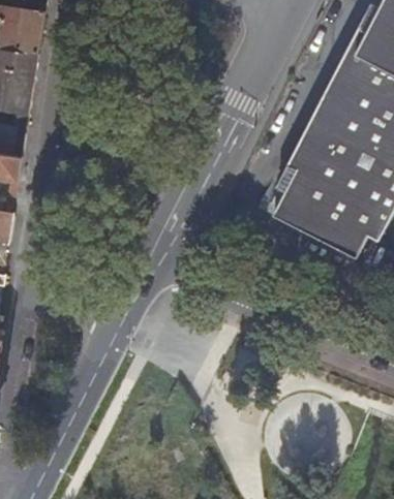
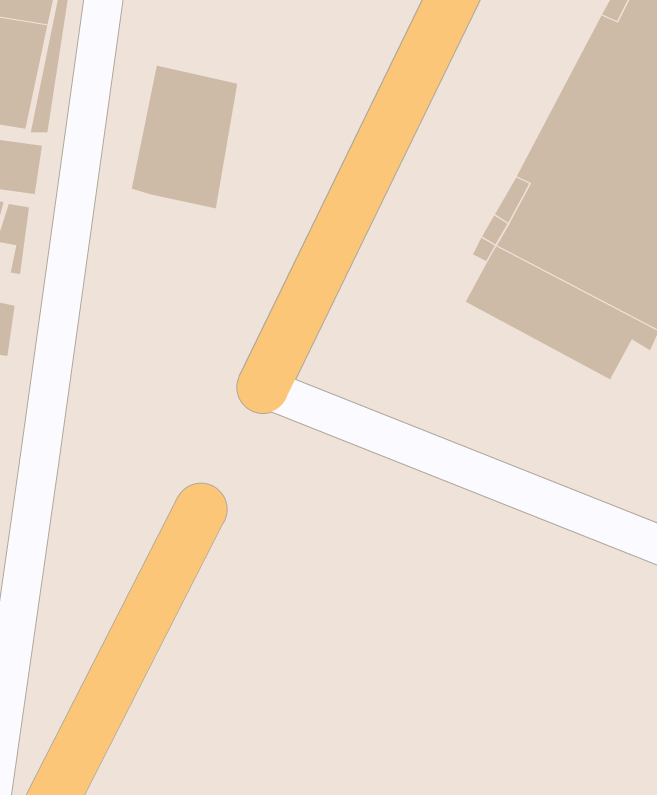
building: none -> [131,65,238,209]

